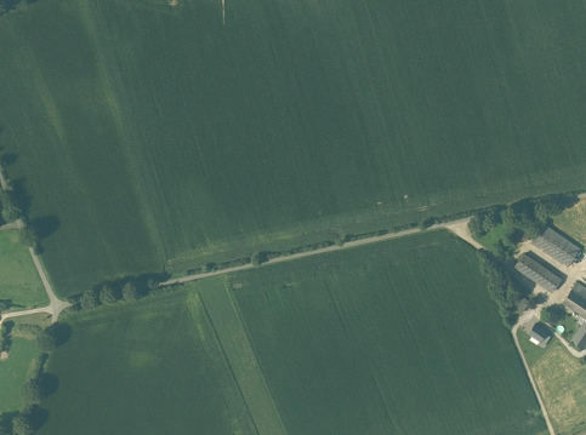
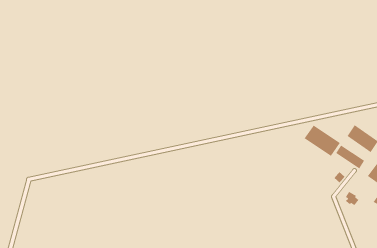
building: none -> [303,124,341,157]

